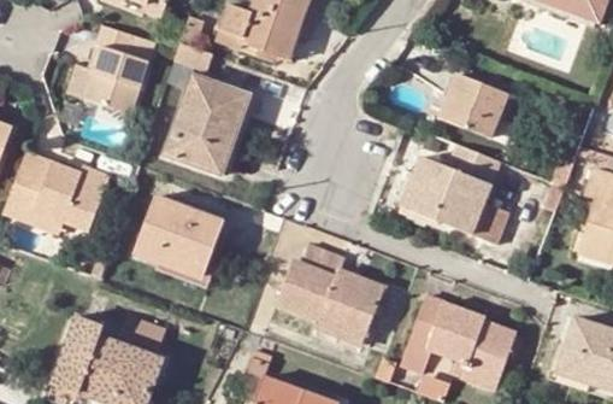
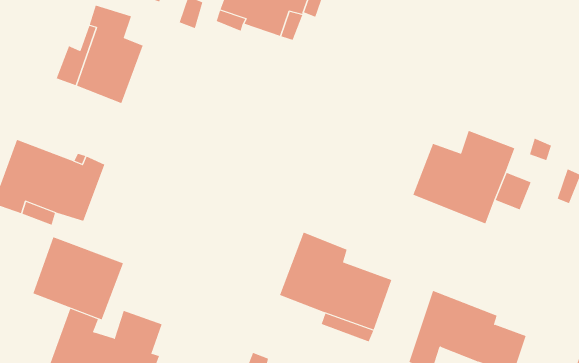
building: [441,72,506,137] -> none
building: [165,75,249,175] -> none
building: [136,198,223,277] -> [33,237,124,320]

